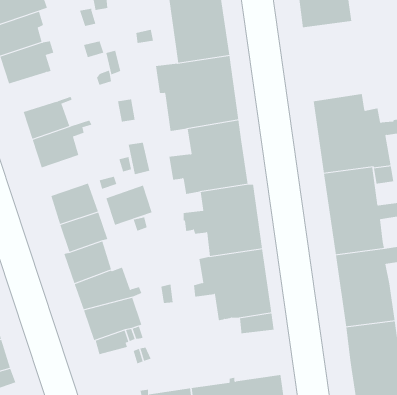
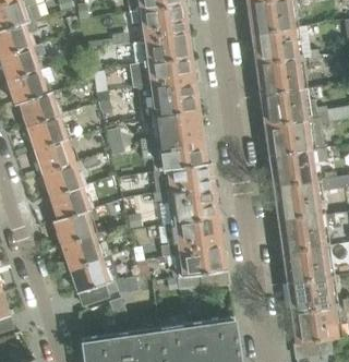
building: none -> [252,28,302,95]
building: none -> [8,71,48,106]
building: [105,185,153,226] -> [35,140,74,173]

